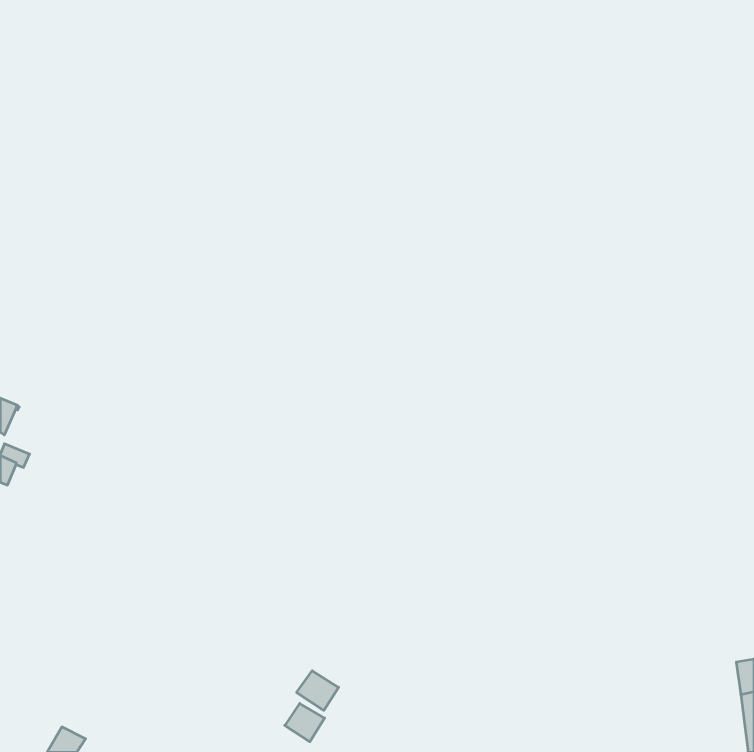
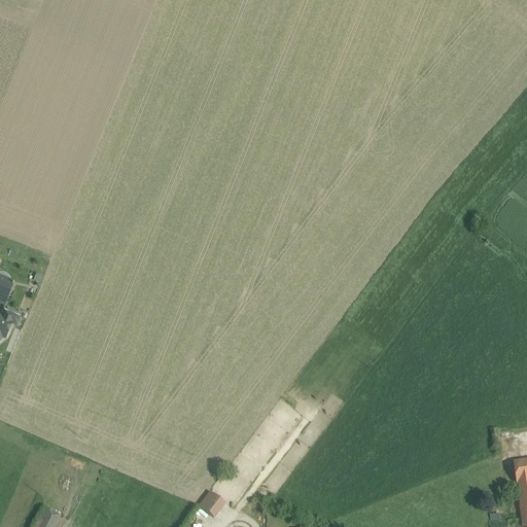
building: [297,671,339,710] -> none

